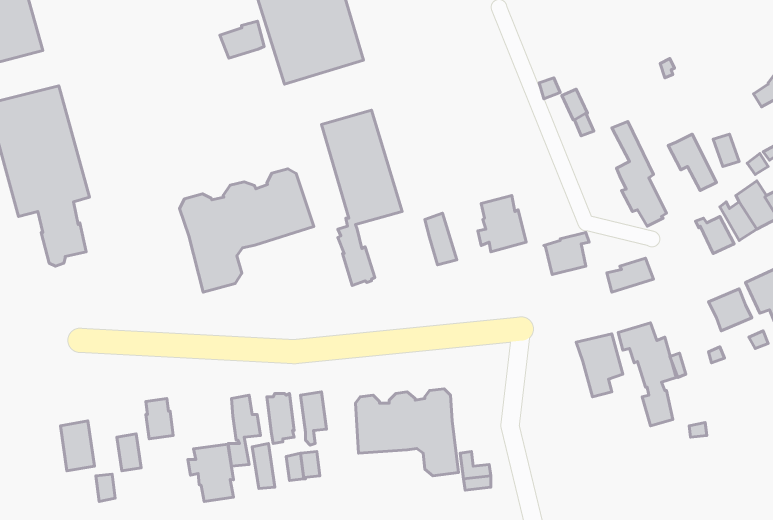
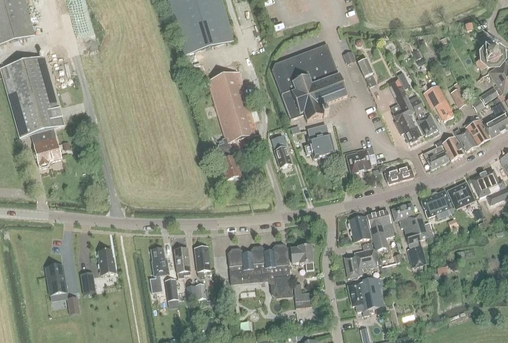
building: [220,21,264,58] -> none
building: none -> [271,43,347,120]
building: none -> [409,97,437,134]
building: [180,169,314,292] -> none
building: none -> [423,139,448,168]
building: none -> [420,190,450,216]
building: none -> [348,215,370,241]
building: none -> [290,244,313,270]
building: none -> [344,248,381,276]
building: none -> [347,276,385,315]
building: [188,444,234,501] -> none

